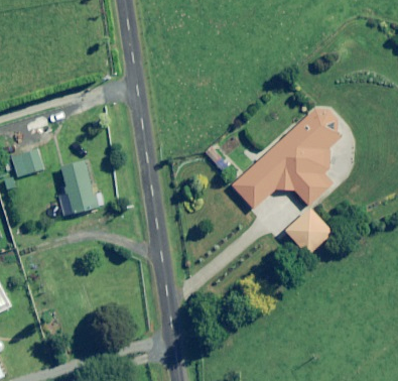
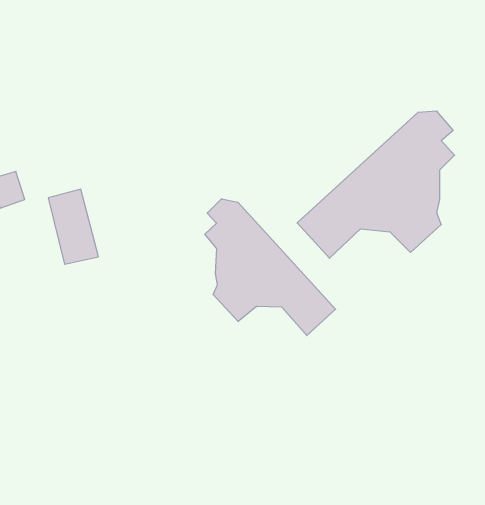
building: none -> [205,199,336,336]
building: [285,208,333,255] -> none

